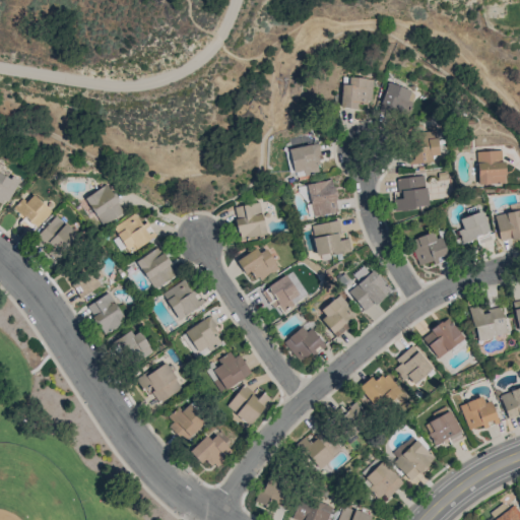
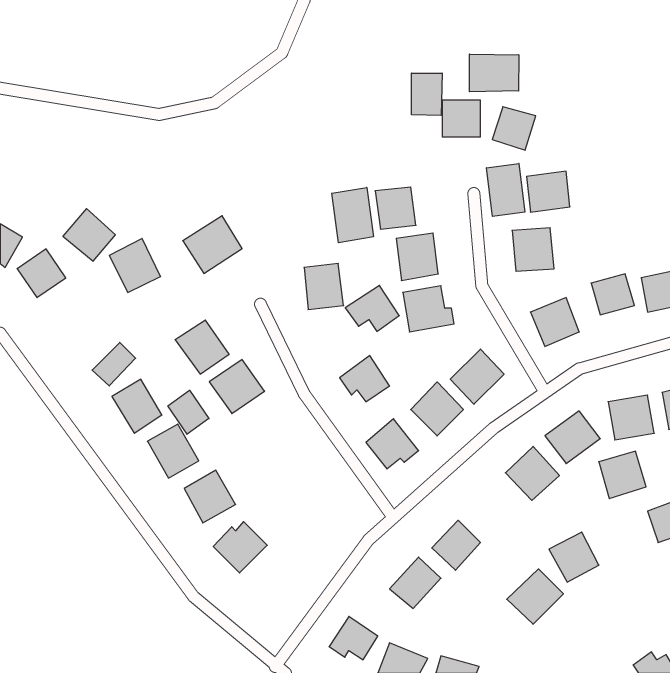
building: none -> [470,54,519,92]
building: none -> [412,73,442,115]
building: none -> [487,163,525,216]
building: none -> [332,187,373,243]
building: [479,150,506,184] -> none
building: [111,212,156,257] -> [183,216,242,274]
building: [40,214,80,255] -> [63,209,115,261]
building: [239,244,280,279] -> [345,285,399,331]
building: none -> [168,390,209,434]
building: [186,316,226,356] -> none
building: [208,349,252,392] -> none
building: [361,374,402,409] -> none
building: [230,388,273,425] -> none
building: [462,395,499,432] -> [599,451,646,499]
building: [193,431,234,465] -> none
building: [364,461,404,502] -> none

